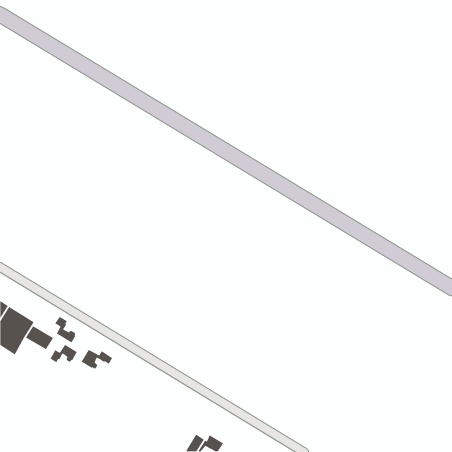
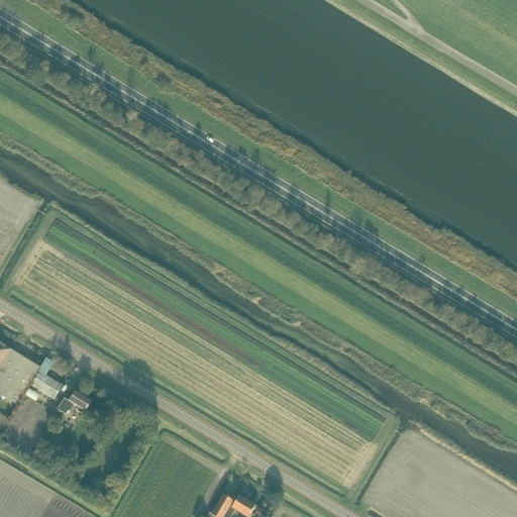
building: [54,316,76,343] -> none
building: [81,349,113,369] -> none

